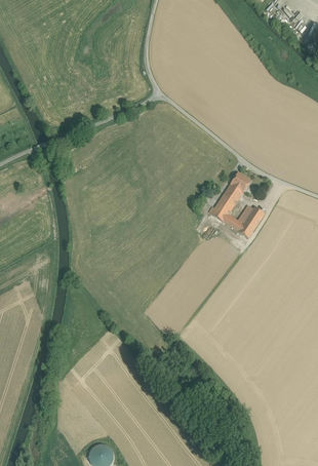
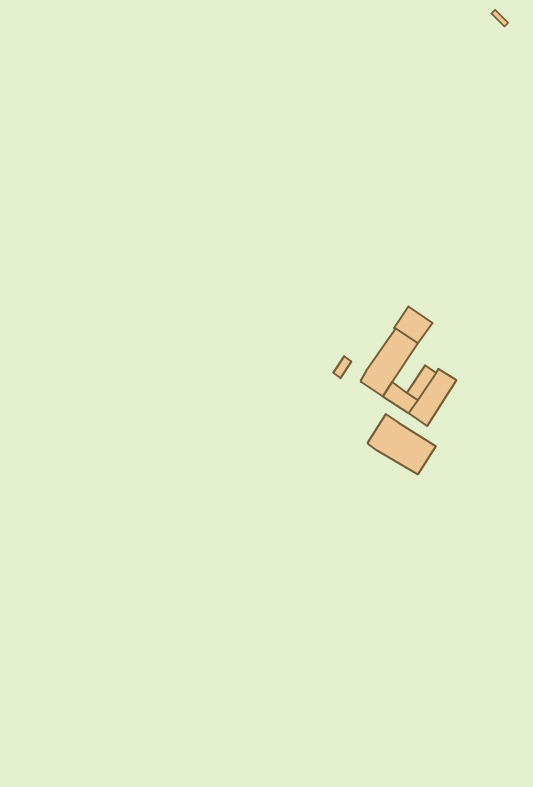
building: none -> [368,414,436,474]

